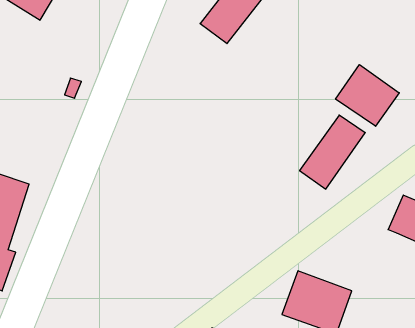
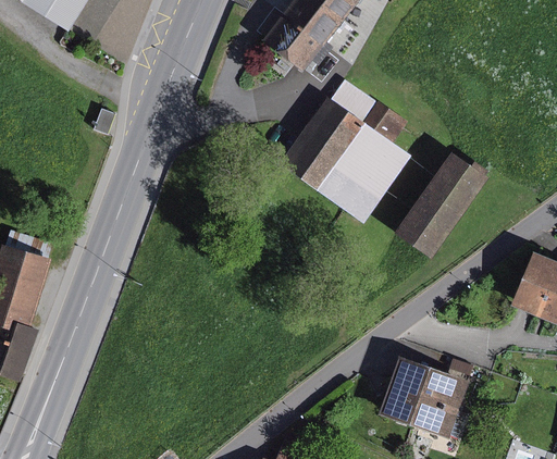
building: none -> [289,79,407,213]
building: [336,65,399,126] -> none

